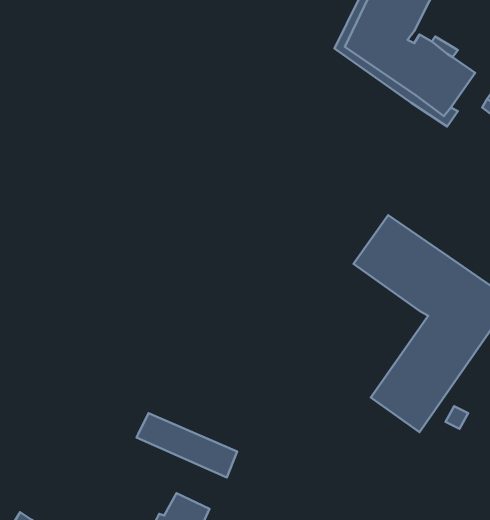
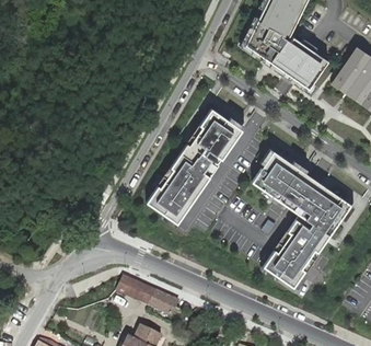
building: none -> [147,107,243,223]

